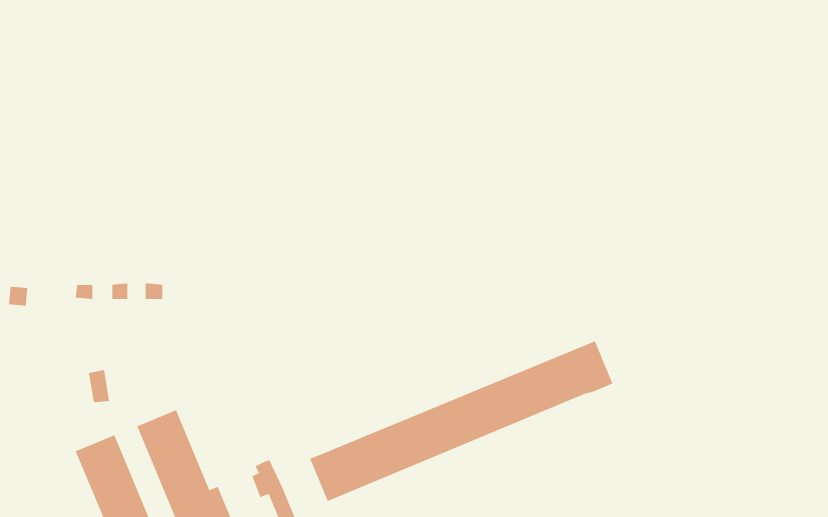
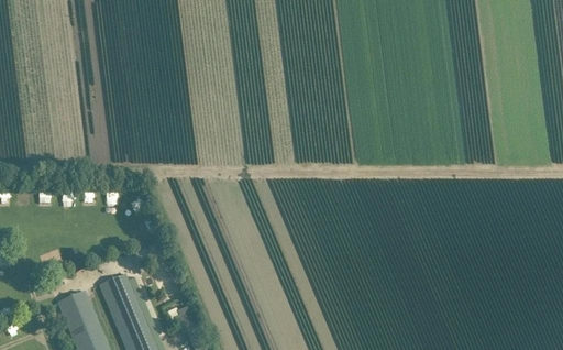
building: [309,340,613,502] -> none

